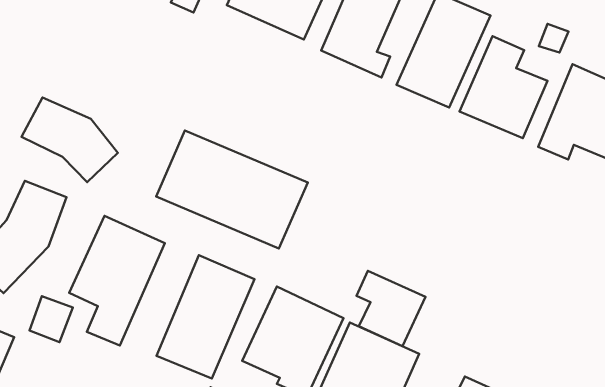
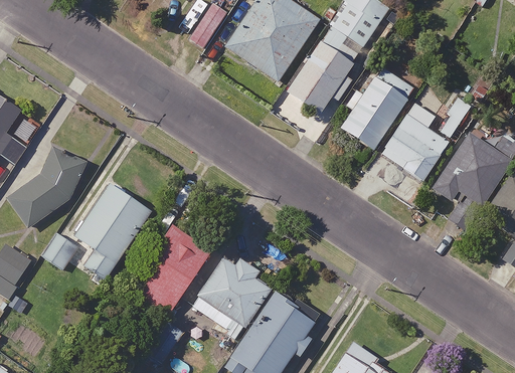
building: [21,97,118,182] -> none
building: [156,130,308,249] -> none
building: [357,271,425,346] -> none

